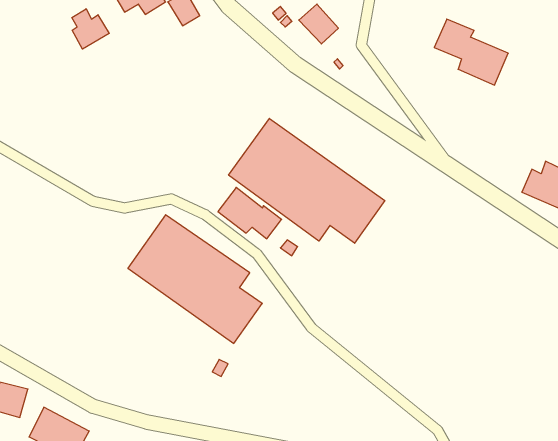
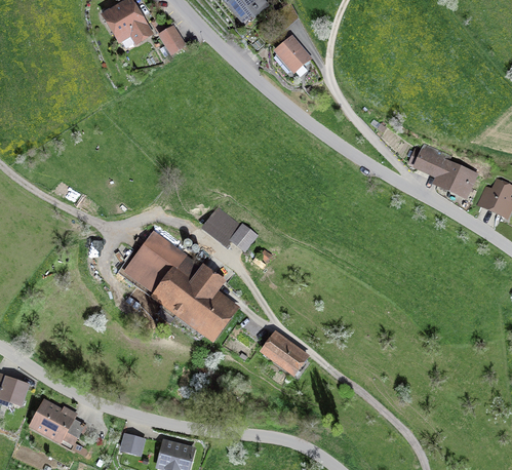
building: [72,9,109,49] -> none
building: [434,19,508,85] -> [412,143,479,202]
building: [229,118,385,243] -> none
building: none -> [261,332,311,379]

